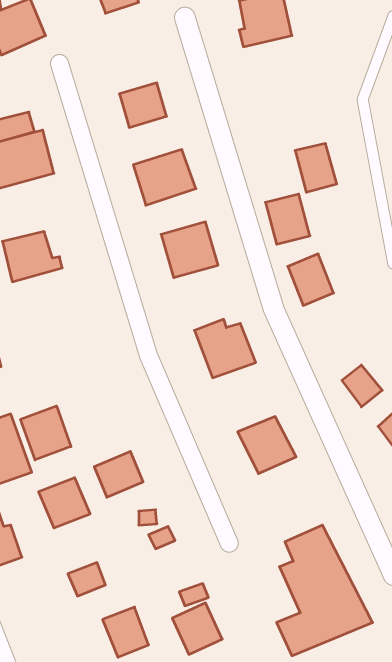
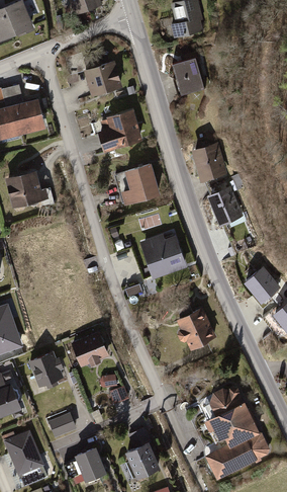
building: [295,144,337,192] -> [174,60,204,95]
building: [21,406,71,460] -> none
building: none -> [5,429,45,475]

